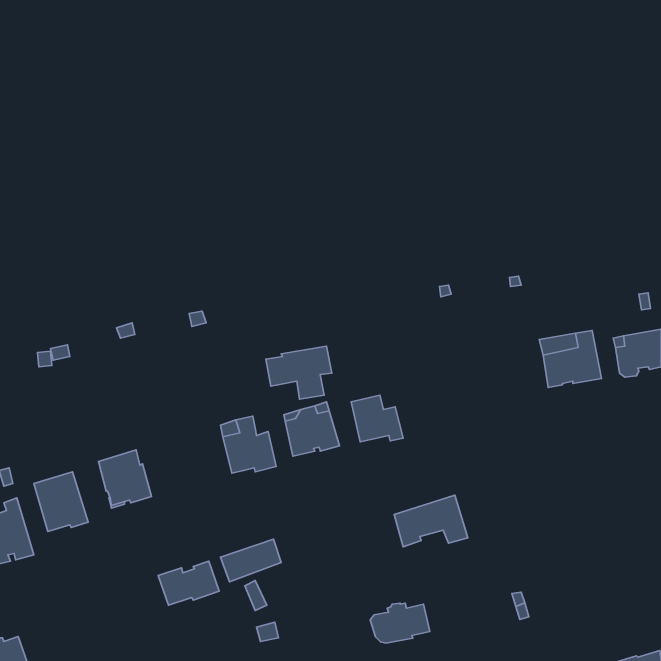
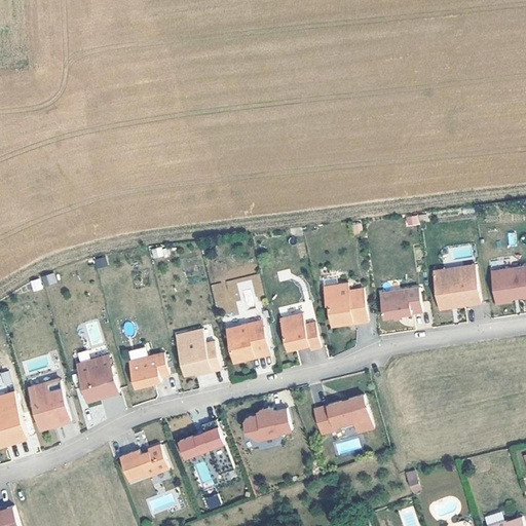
building: none -> [321,284,365,326]
building: none -> [377,287,419,317]
building: none -> [128,355,168,390]
building: [370,603,430,643] -> [247,409,294,441]

